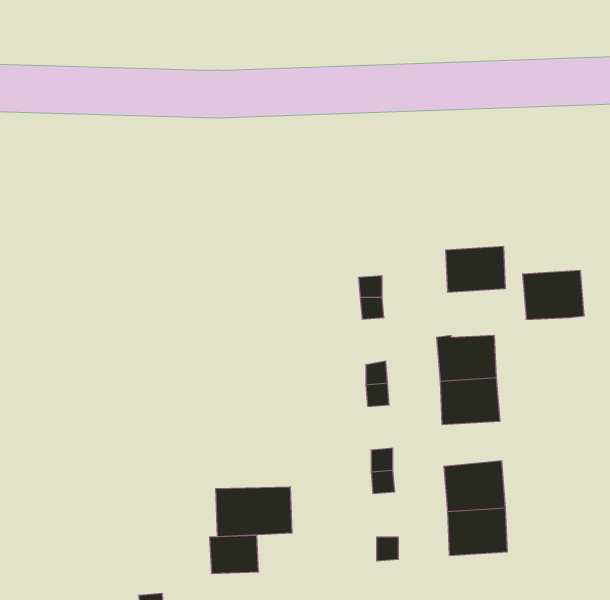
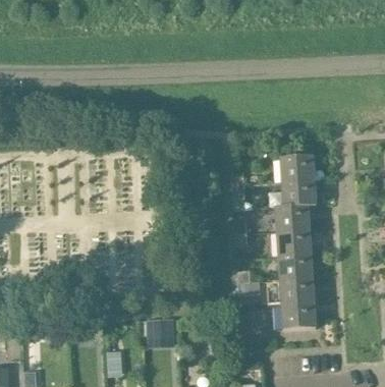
building: [523,270,584,319] -> [281,180,316,208]
building: none -> [278,255,312,280]
building: [216,487,292,537] -> none

